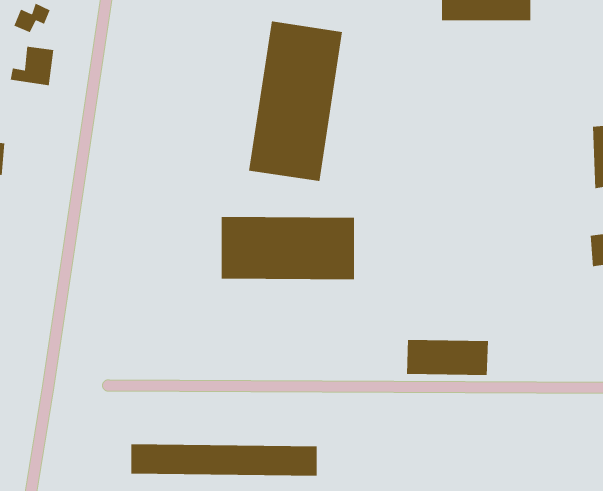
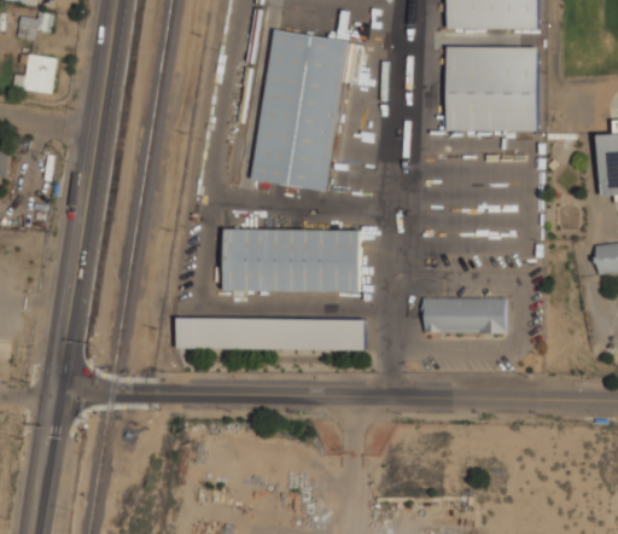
building: none -> [447,47,536,129]
building: [406,339,489,375] -> [422,297,506,333]
building: [131,444,318,476] -> [176,318,365,350]

